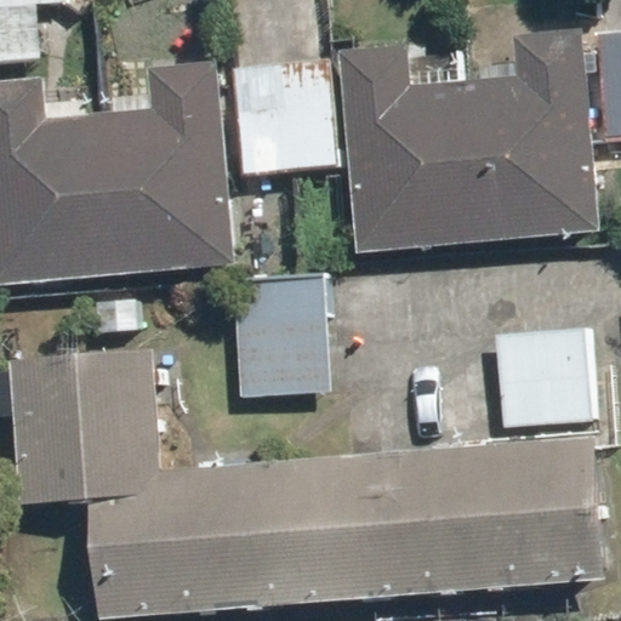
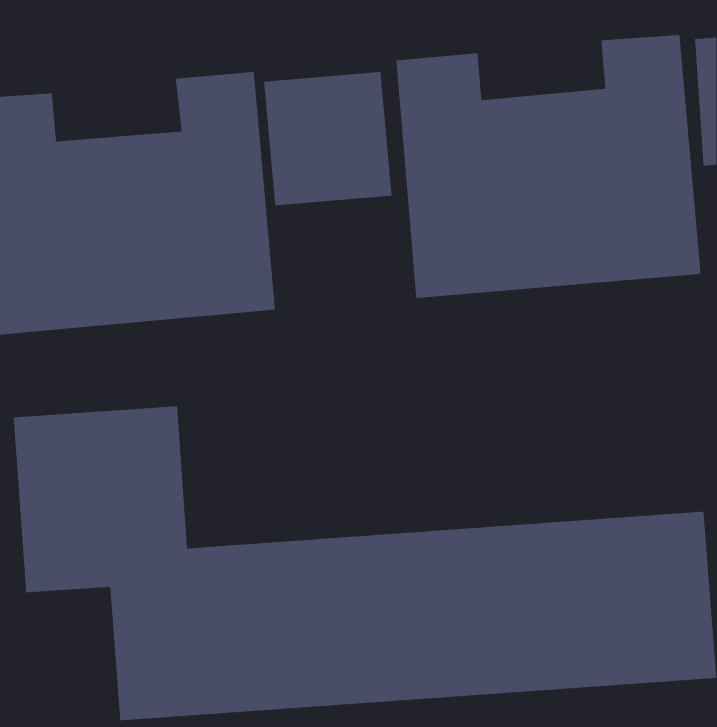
building: [233,273,330,397] -> none
building: [489,323,591,425] -> none

